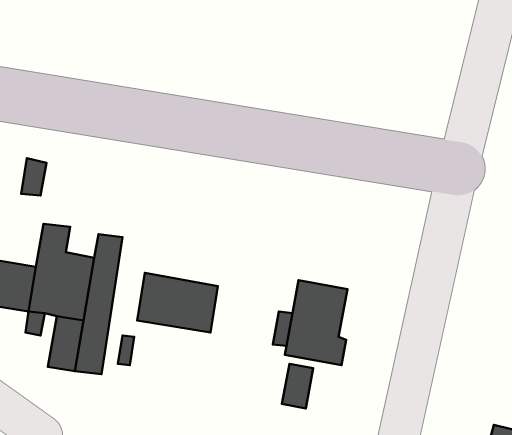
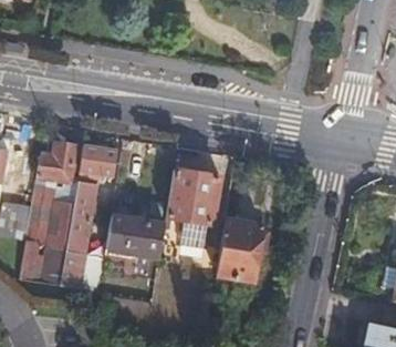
building: none -> [37,142,76,180]
building: none -> [77,145,117,178]
building: none -> [167,166,220,242]

